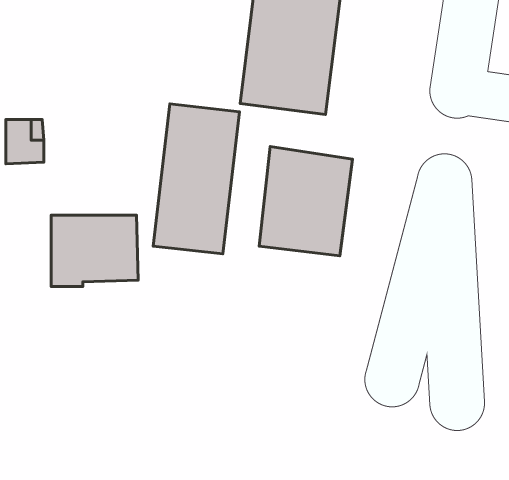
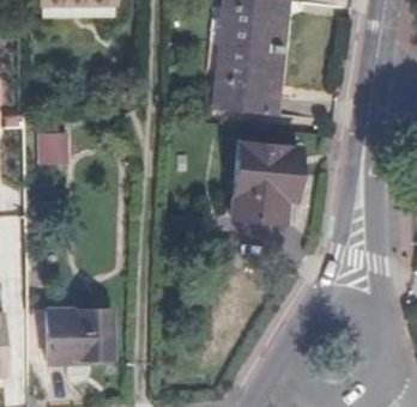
building: [153,104,239,254] -> none
building: [51,215,138,287] -> [46,309,111,363]

